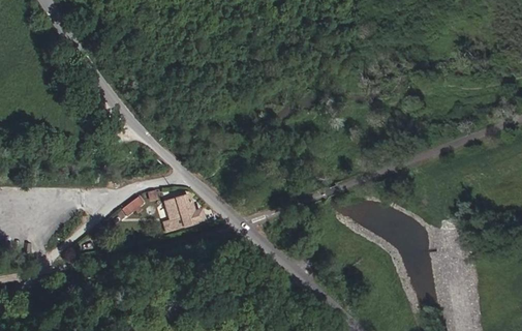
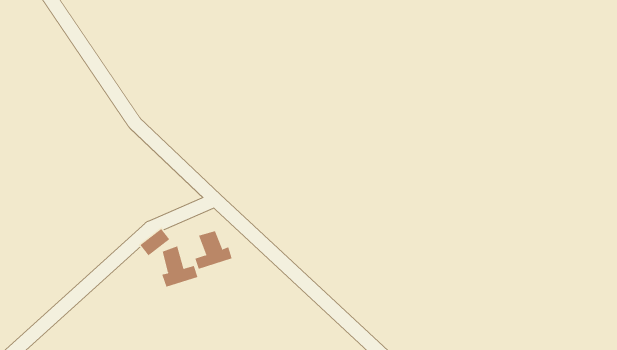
building: none -> [162,246,198,288]

